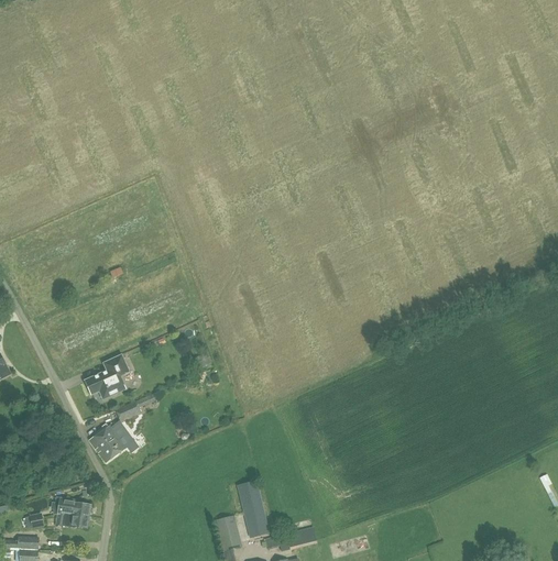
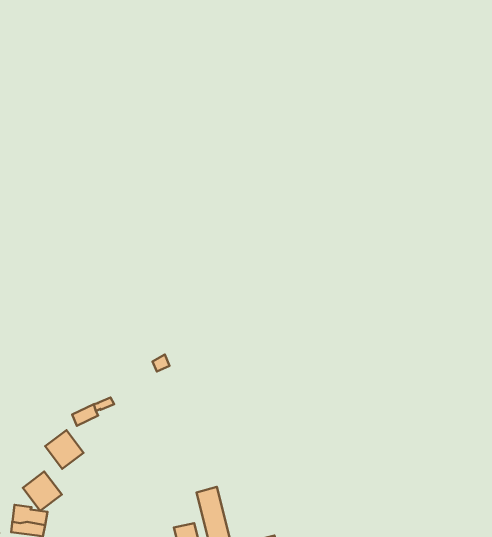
building: [85,354,129,399] -> none
building: none -> [23,472,62,511]

